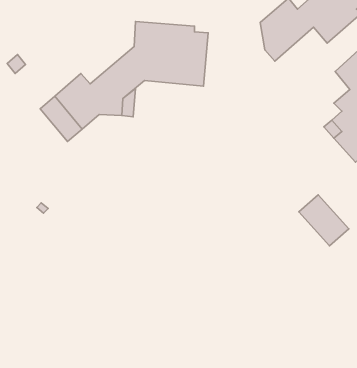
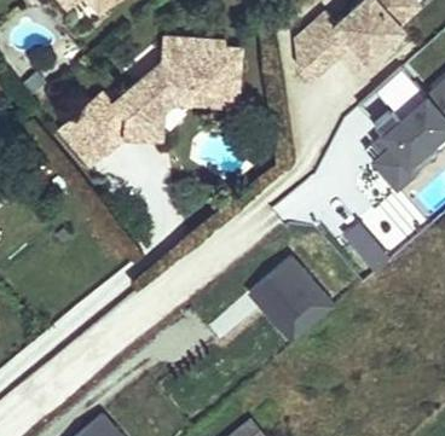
building: none -> [250,257,334,343]

